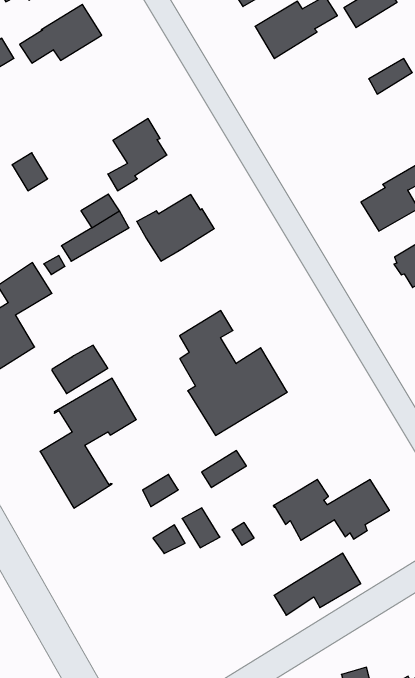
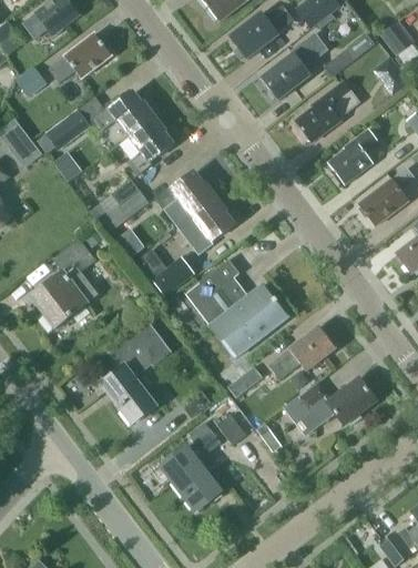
building: none -> [263,34,328,99]
building: none -> [94,91,155,135]
building: none -> [45,108,91,150]
building: none -> [296,80,359,141]
building: none -> [177,195,235,254]
building: [52,345,108,394] -> [153,256,196,296]
building: none -> [163,446,221,509]
building: [274,553,361,615] -> [269,325,336,378]

